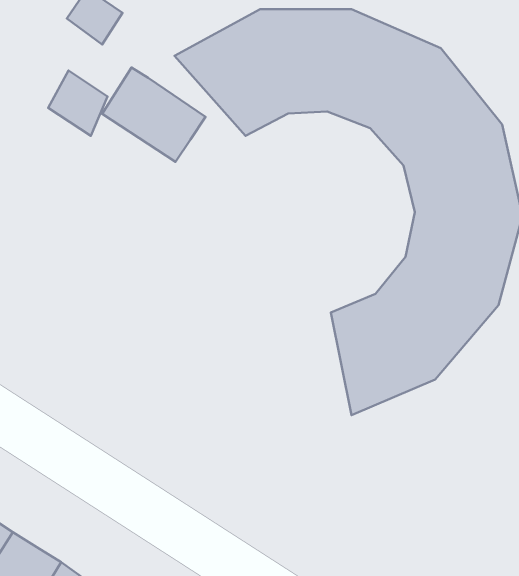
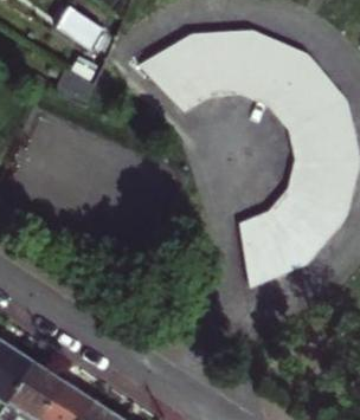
building: [102,67,206,162] -> none

